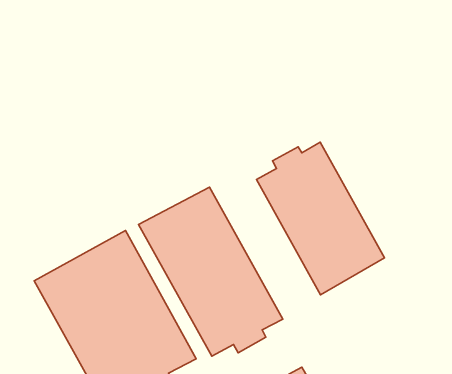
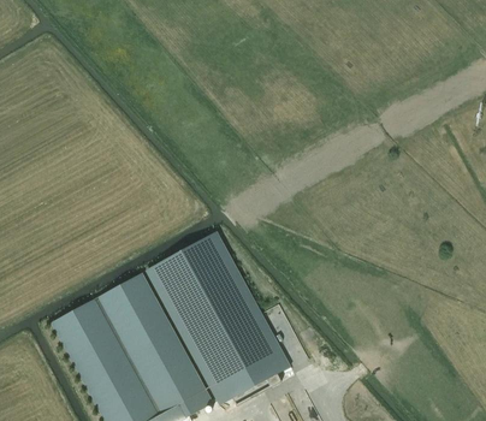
building: [256,142,384,295] -> none

